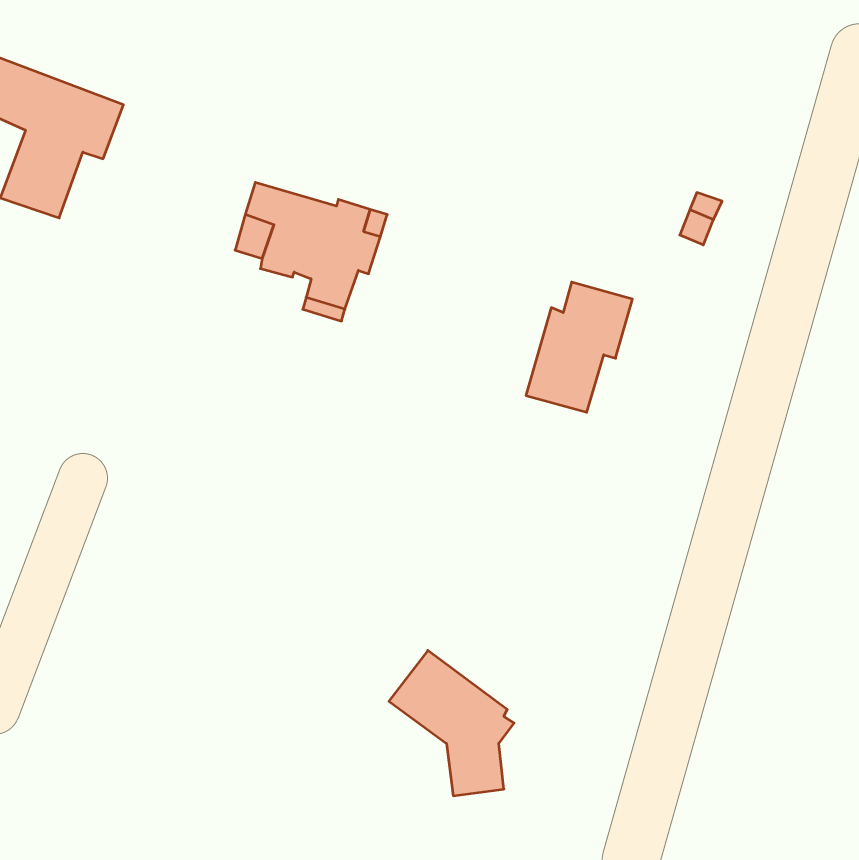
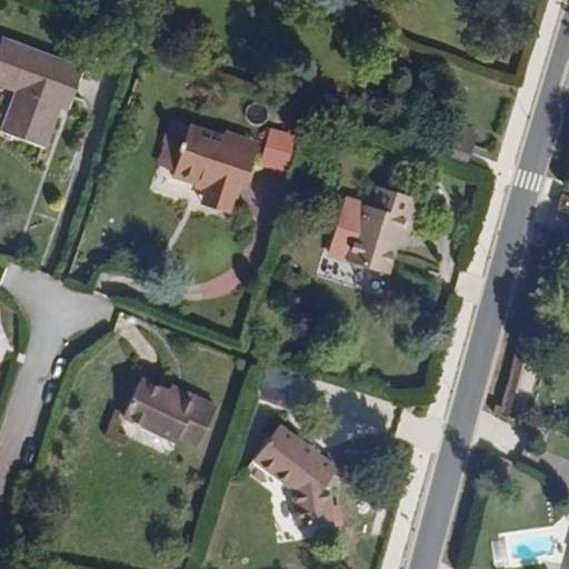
building: none -> [256,129,297,170]
building: none -> [124,379,213,442]

